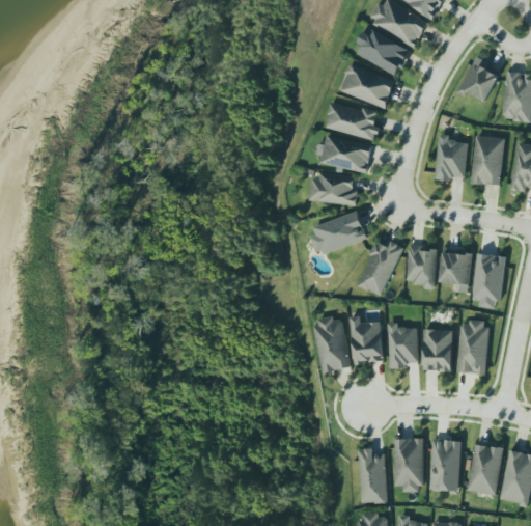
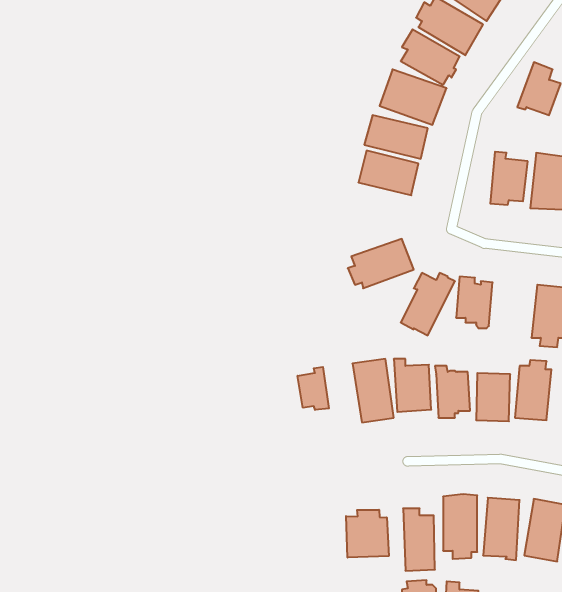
building: [309,172,358,205] -> none
building: [442,252,472,284] -> none
building: none -> [298,367,329,410]
building: none -> [346,510,389,558]

